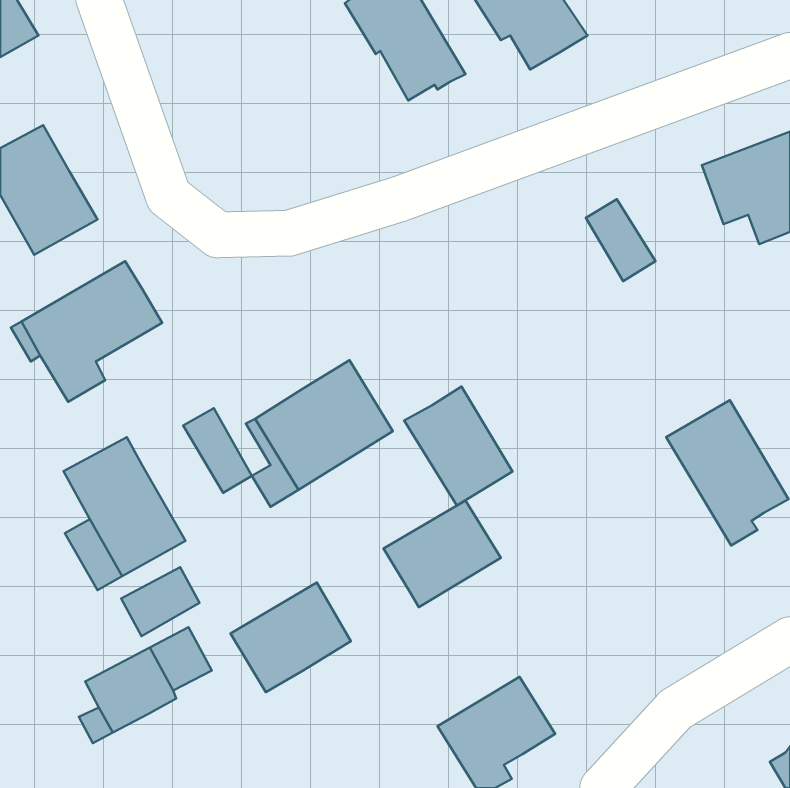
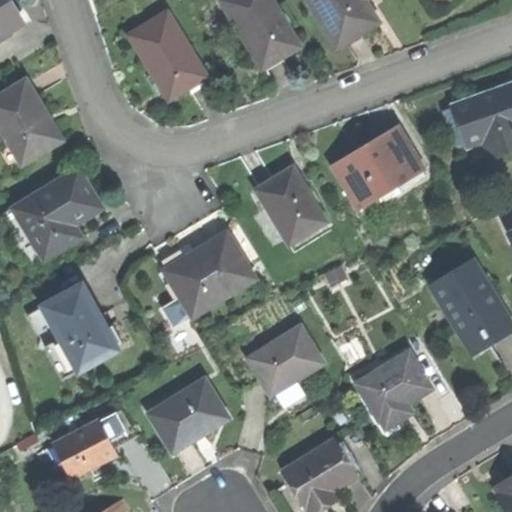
building: none -> [131,12,209,99]
building: none -> [336,141,403,207]
building: [404,387,513,506] -> [255,168,325,245]
building: [183,408,252,493] -> none
building: none -> [356,349,432,425]
building: [121,567,200,636] -> none

